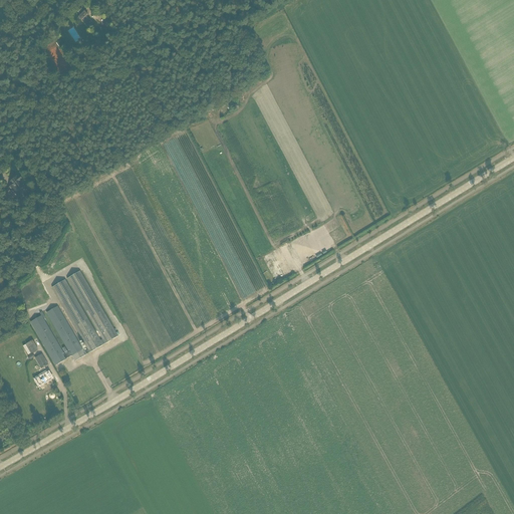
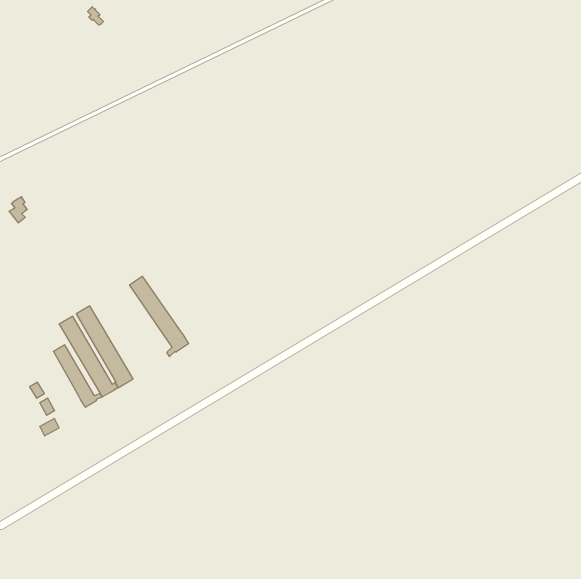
building: none -> [130,276,189,357]
building: [30,313,71,363] -> none

